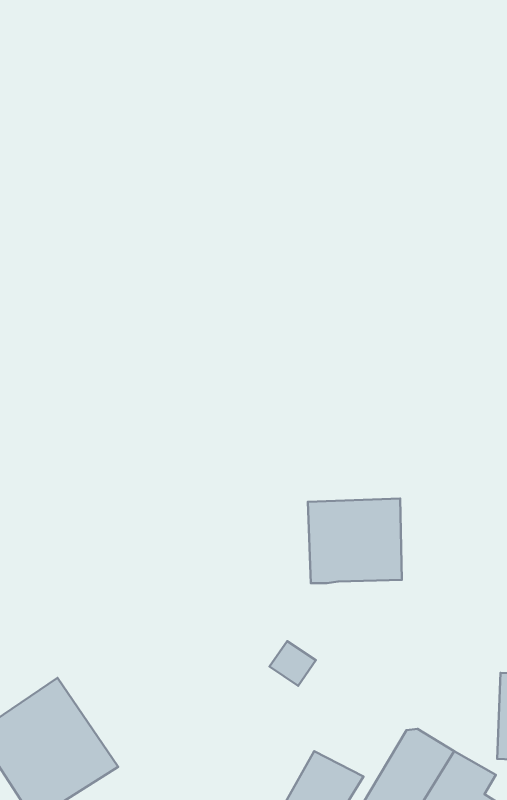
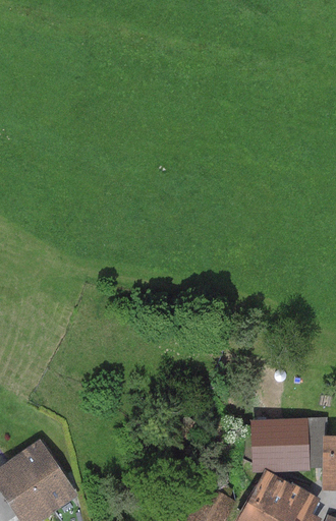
building: [308,499,402,583] -> [250,418,311,472]

